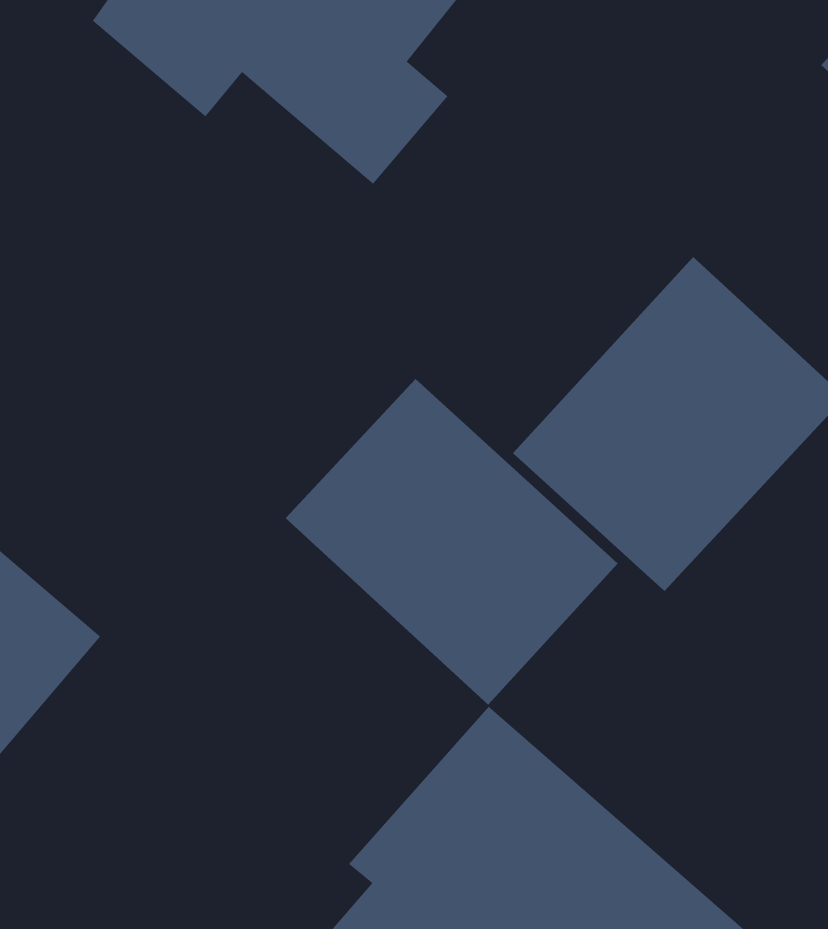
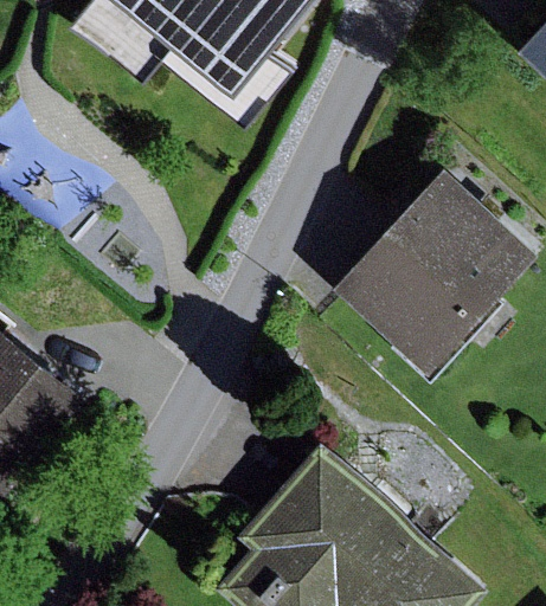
building: [285,378,618,705] -> none

